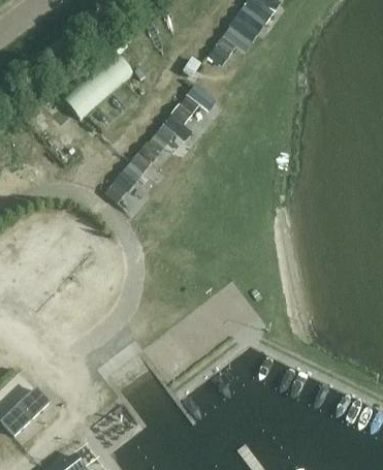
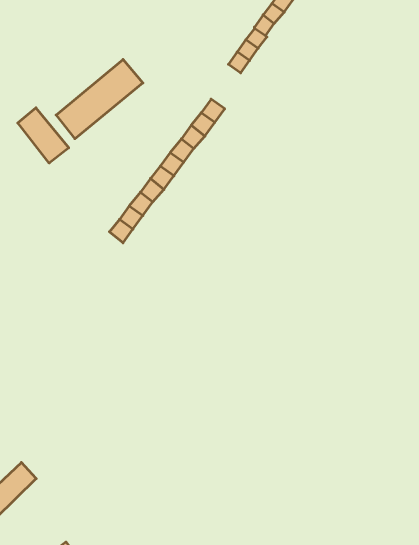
building: none -> [18,108,69,163]

